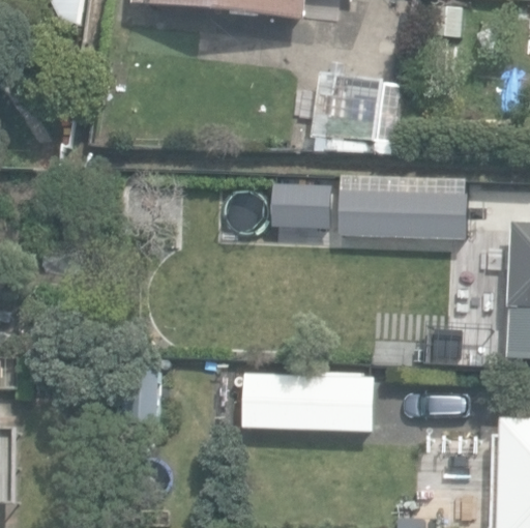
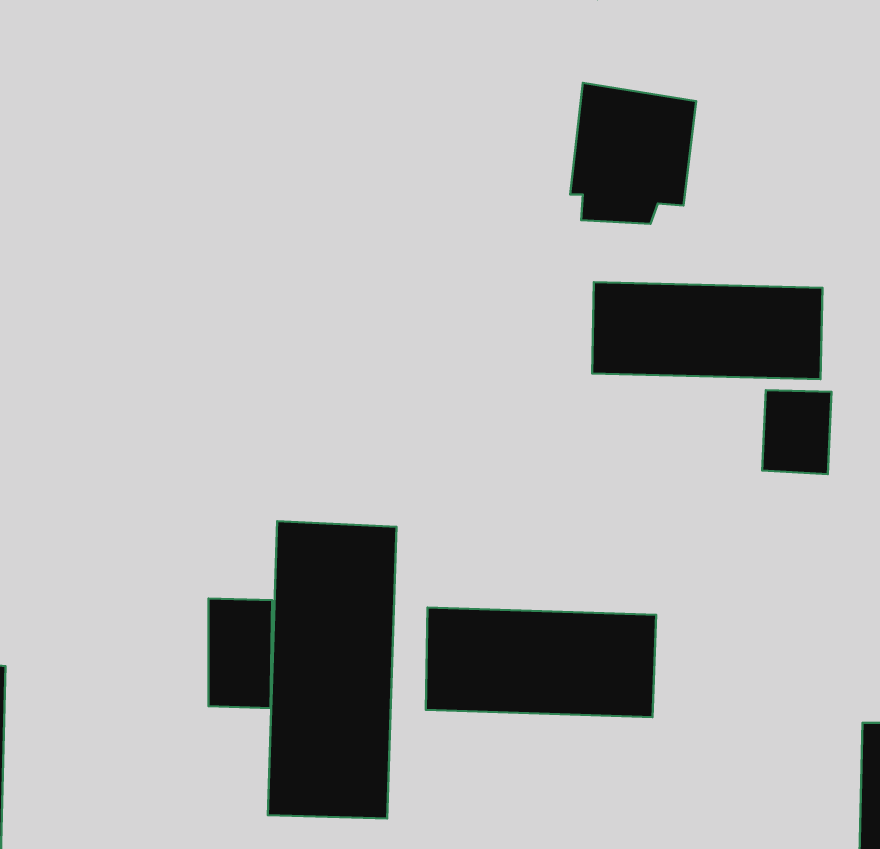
building: none -> [268,521,397,819]

